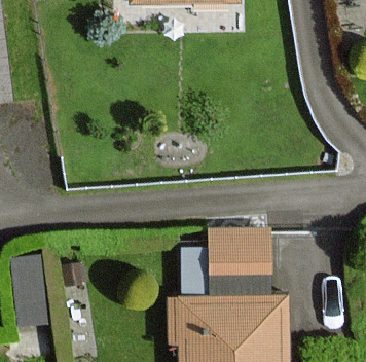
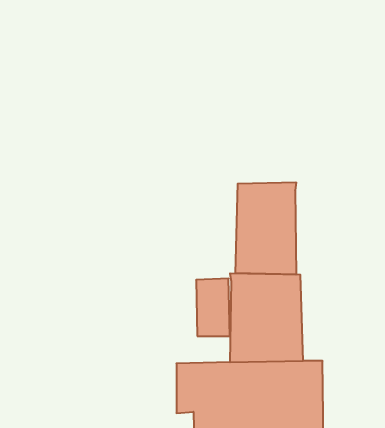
building: none -> [236,182,296,275]

